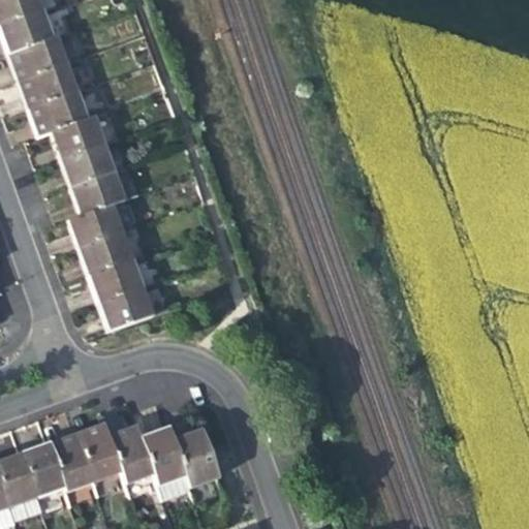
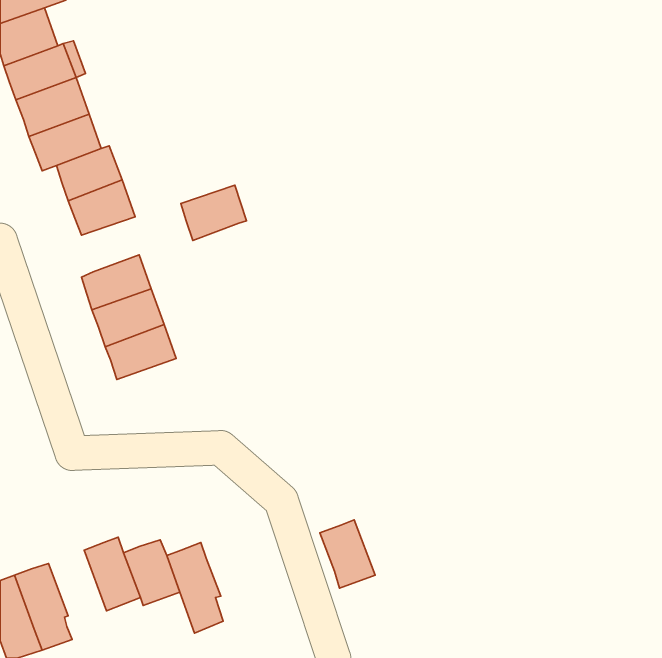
building: [71,170,123,214] -> [181,185,247,240]
building: [99,282,156,326] -> none
building: [169,429,213,483] -> [320,520,375,588]
building: [45,433,91,490] -> none

